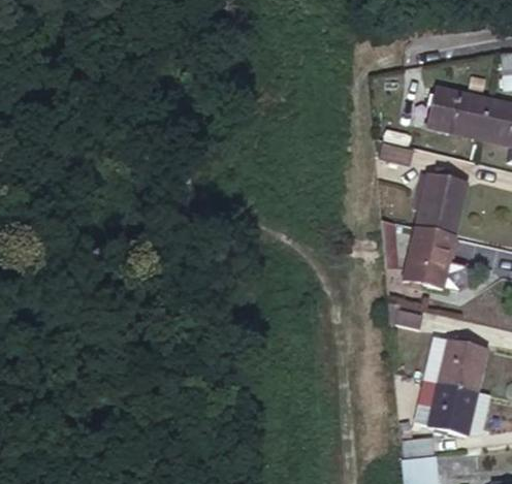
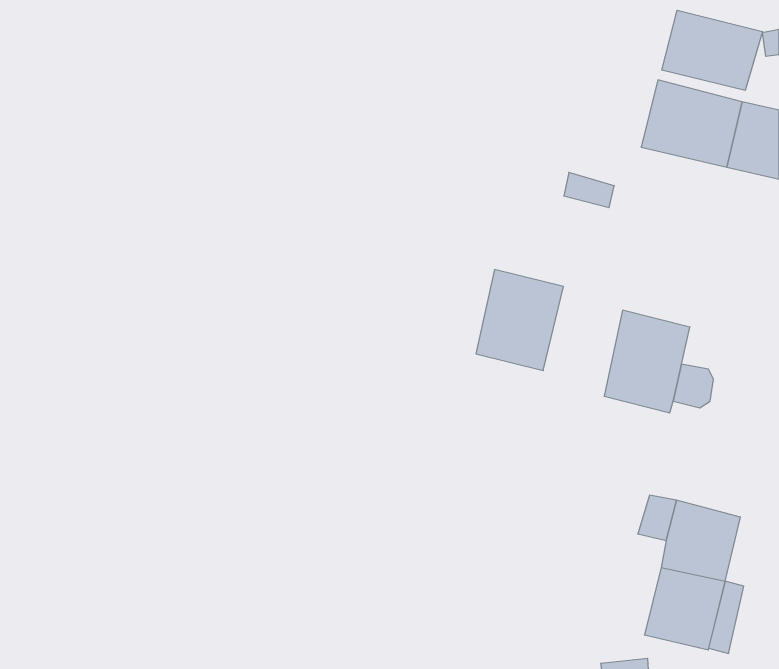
building: none -> [662,10,763,90]
building: [414,173,468,235] -> [476,270,563,371]

